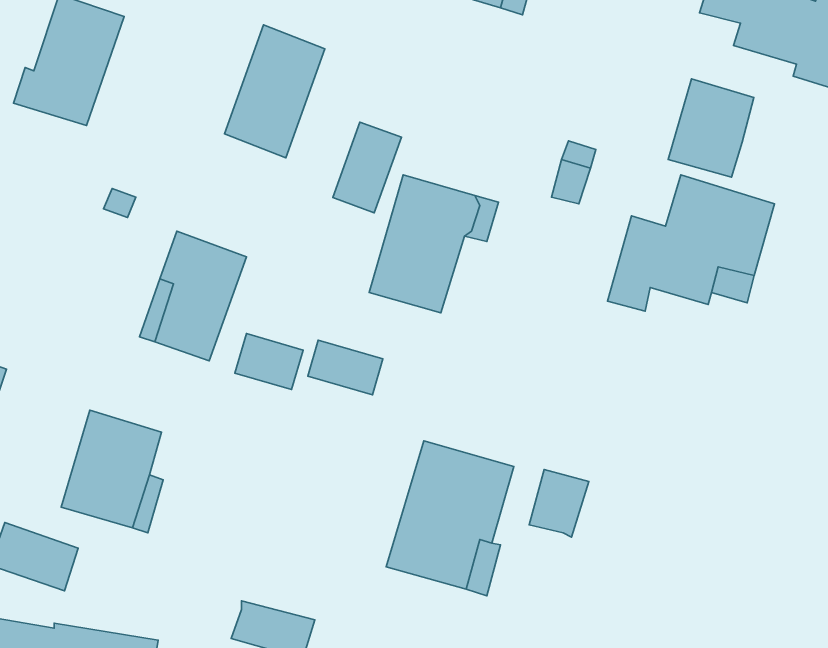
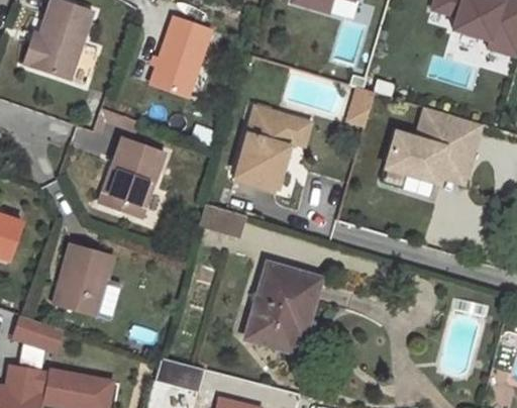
building: [668,79,754,177] -> none
building: [333,122,401,213] -> none
building: [235,334,303,390] -> none
building: [529,469,589,537] -> none

